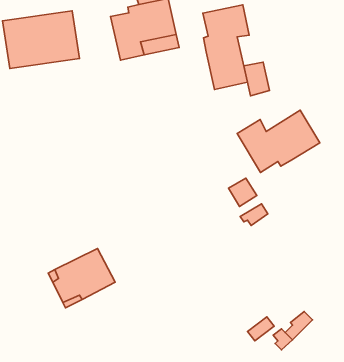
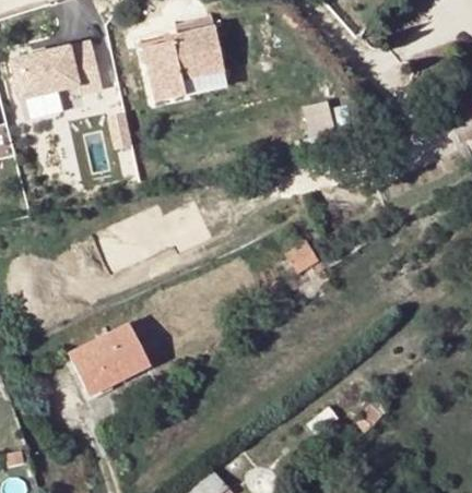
building: [203,5,249,89] -> none
building: [237,110,320,172] -> none

